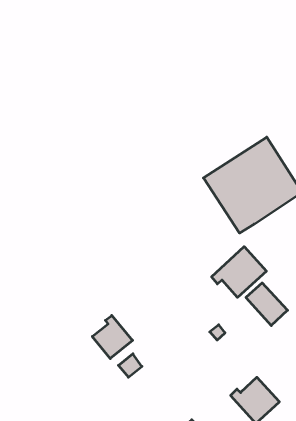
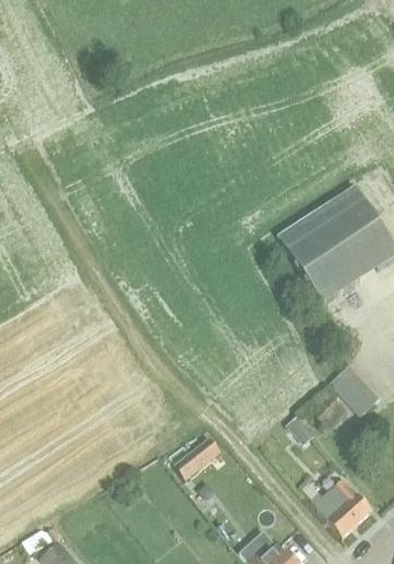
building: [212,247,266,297] -> none
building: [92,315,133,359] -> none

